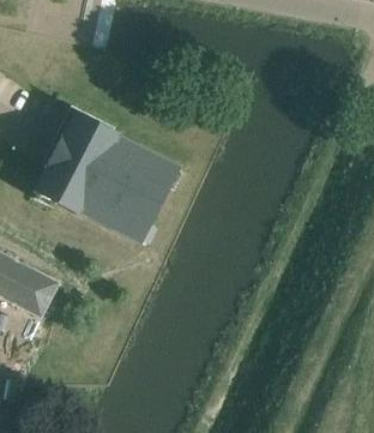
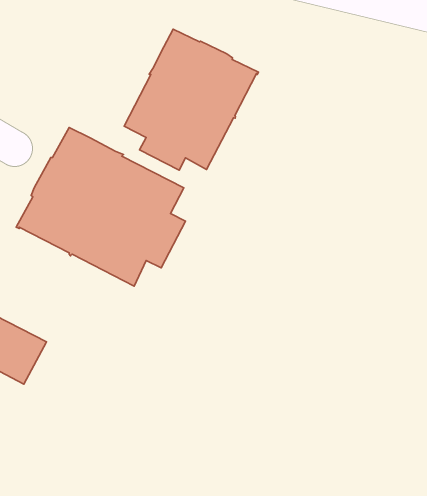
building: none -> [124,29,259,170]

